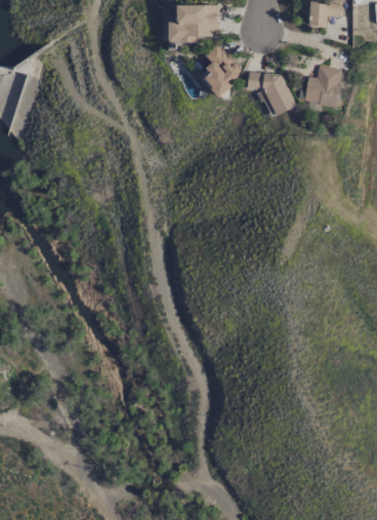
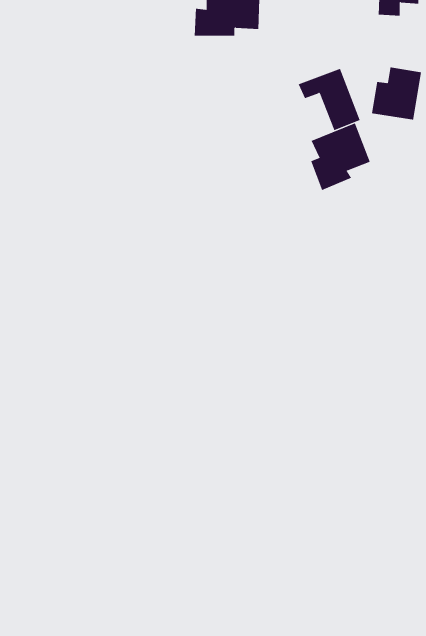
building: [201,44,243,95] -> none
building: none -> [310,122,370,191]

